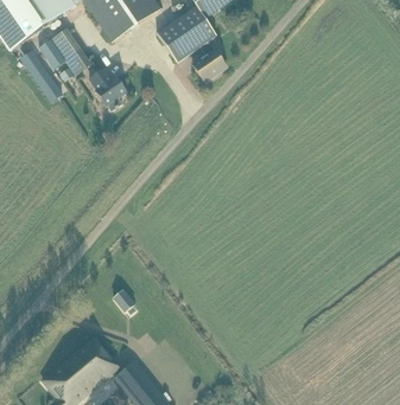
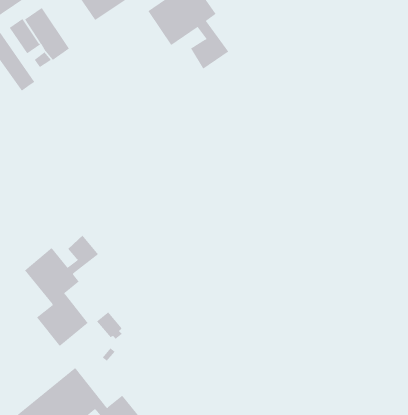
building: [89,69,126,105] -> none
building: none -> [24,235,99,347]

